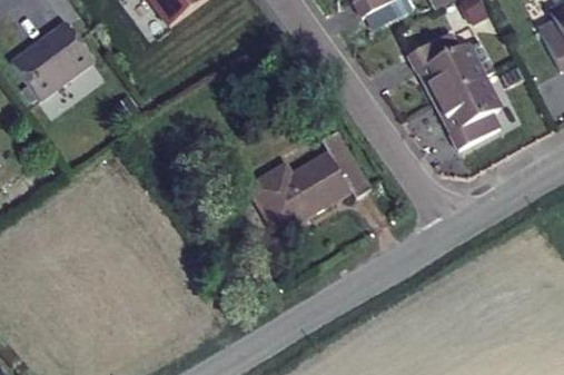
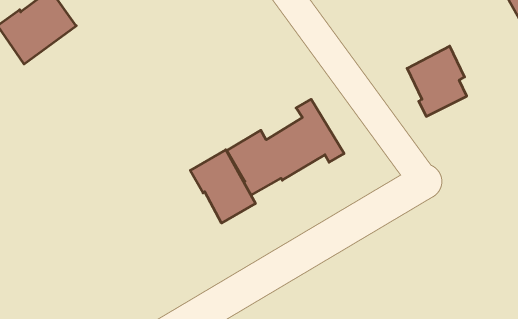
building: [410,36,482,101] -> none
building: none -> [190,150,255,223]

